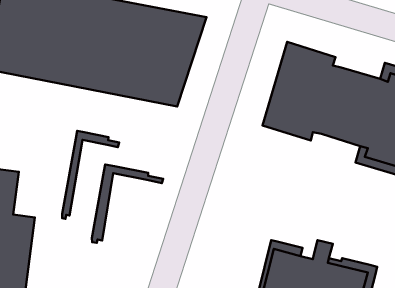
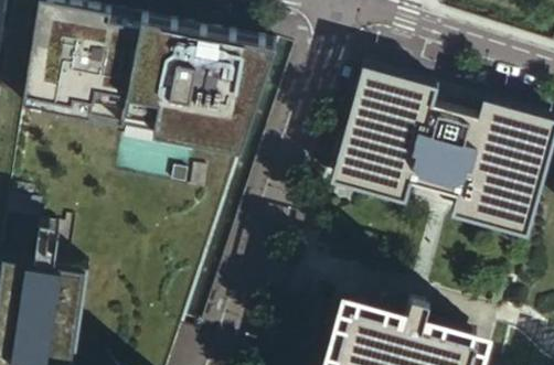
building: none -> [334,66,444,203]
building: [62,131,119,219] -> none
building: [92,165,163,243] -> none

